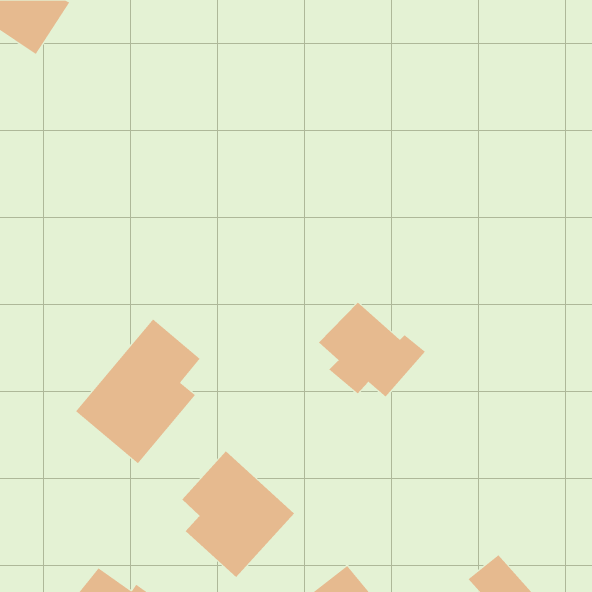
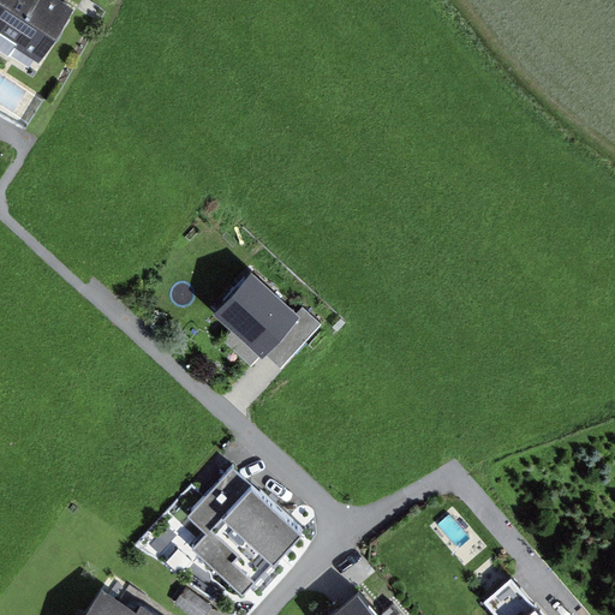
building: [318,302,426,398] -> [211,274,322,372]
building: [75,318,201,464] -> none

